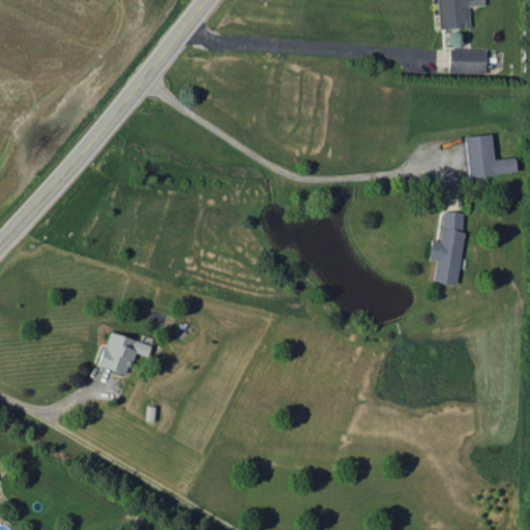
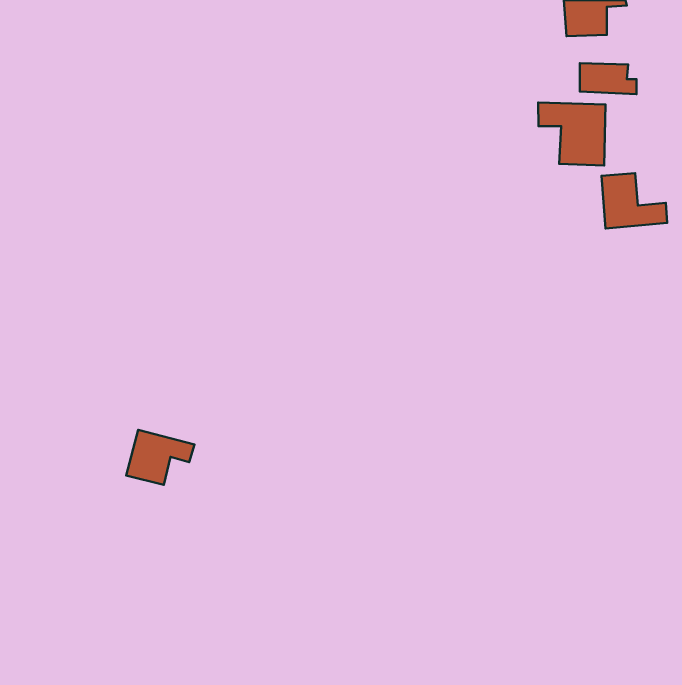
building: none -> [538,103,606,166]
building: [430,211,467,285] -> none

